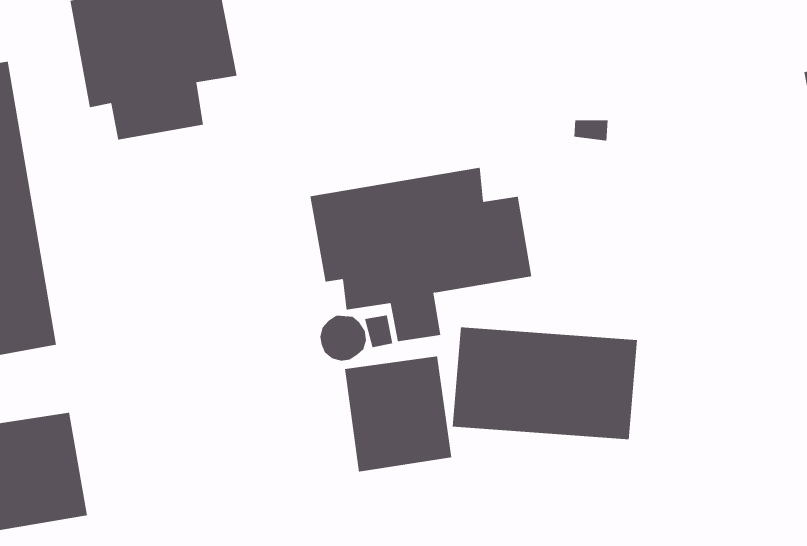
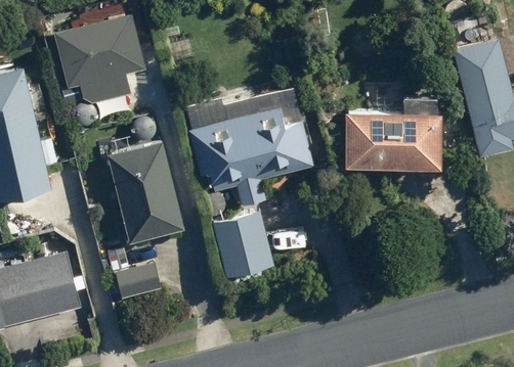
building: none -> [105,138,186,238]
building: [452,327,638,440] -> [344,111,441,167]
building: none -> [104,261,165,302]

